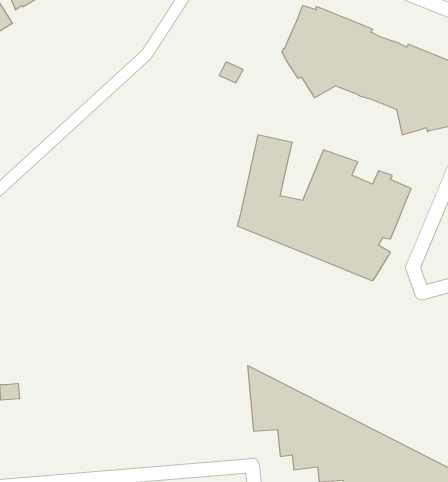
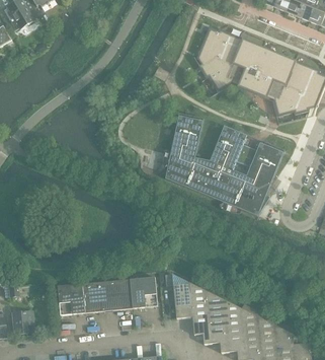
building: none -> [56,276,156,314]
building: none -> [9,310,32,333]

